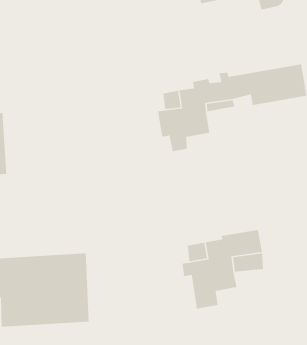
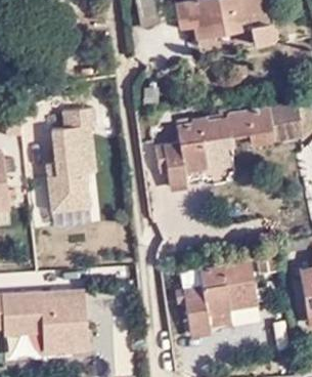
building: none -> [44,109,99,226]

